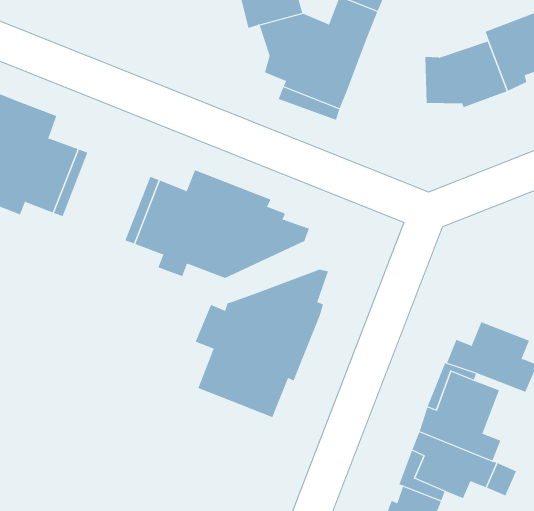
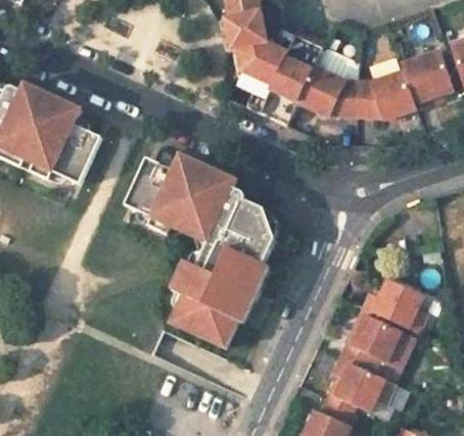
building: none -> [299,63,358,115]
building: none -> [199,203,277,254]

